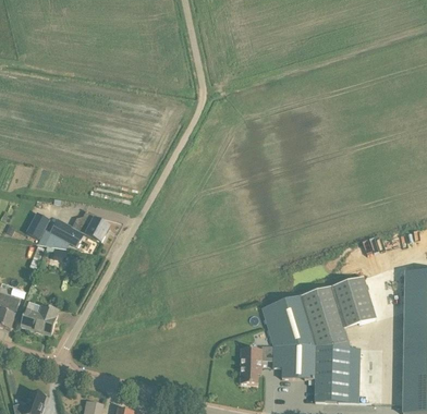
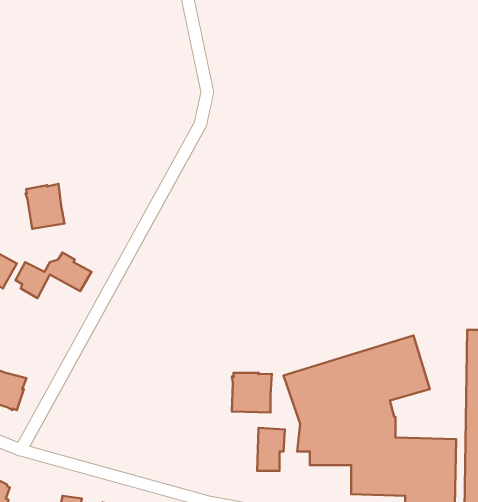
building: none -> [25,184,65,229]
building: none -> [232,373,272,413]

